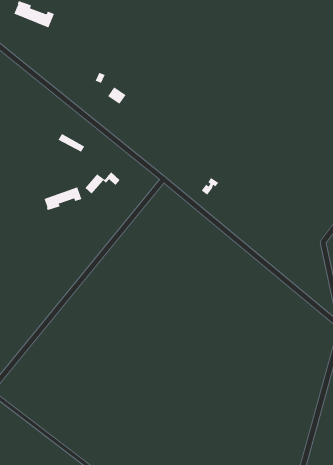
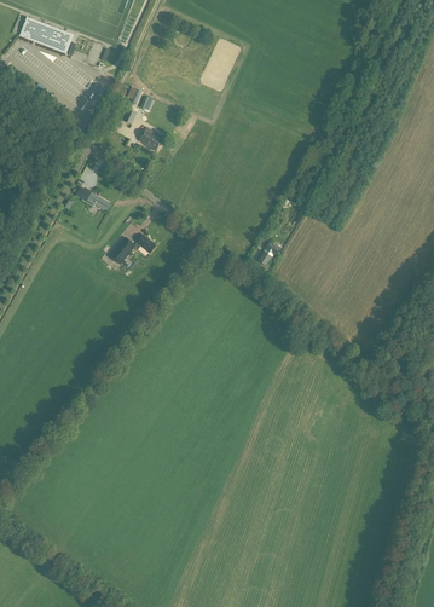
building: [44,186,82,211] -> none

